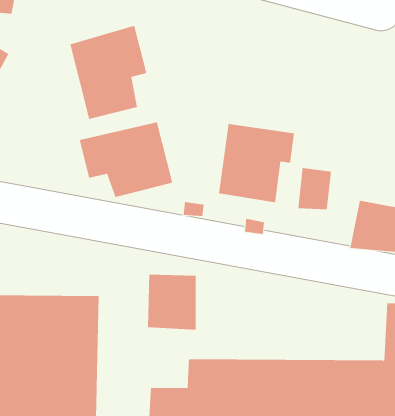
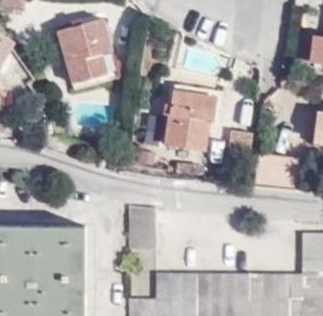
building: [79,121,173,198] -> none

